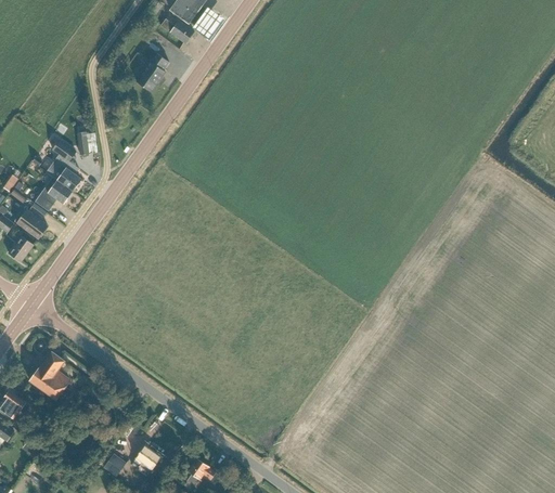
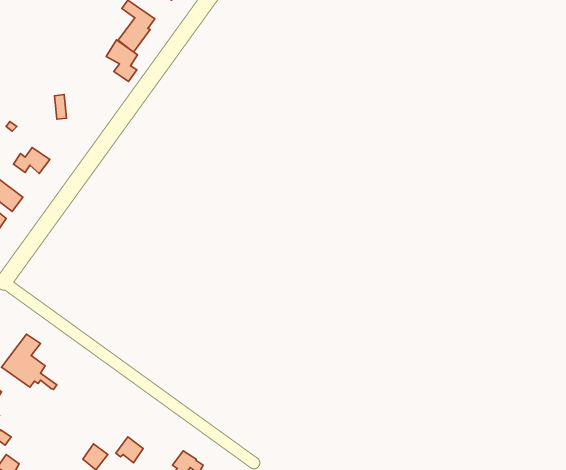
building: none -> [106,40,138,81]
building: [47,140,81,191] -> none

